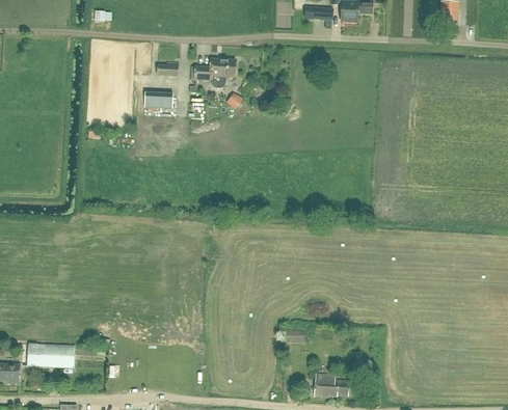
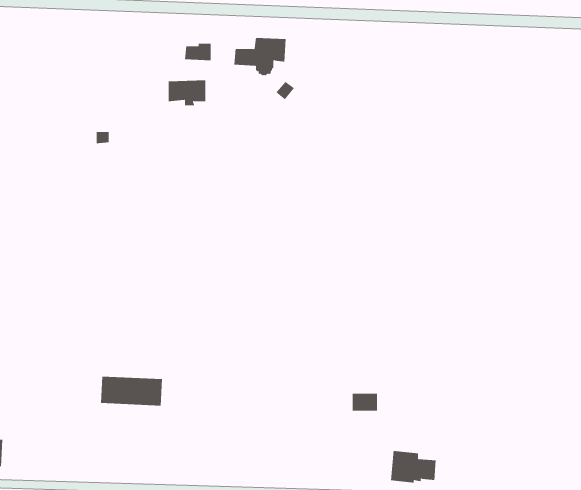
building: [27,344,75,366] -> [100,376,163,406]

